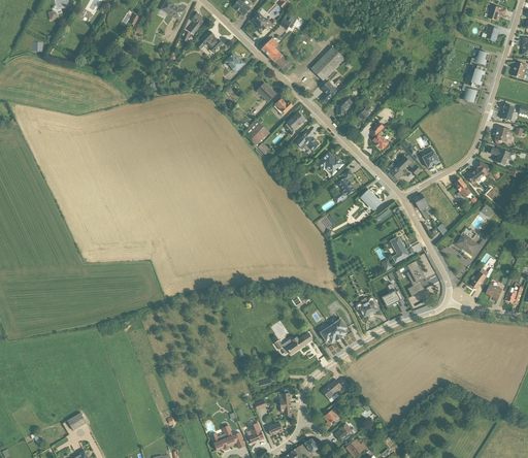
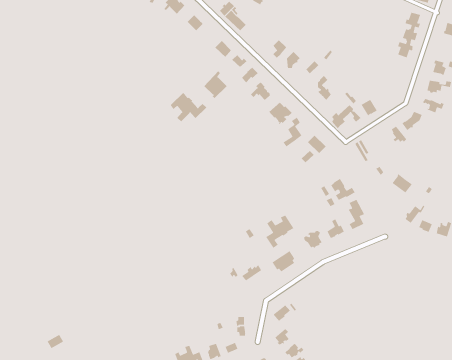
building: [310,45,344,80] -> none
building: none -> [170,92,207,122]
building: none -> [265,214,294,249]

